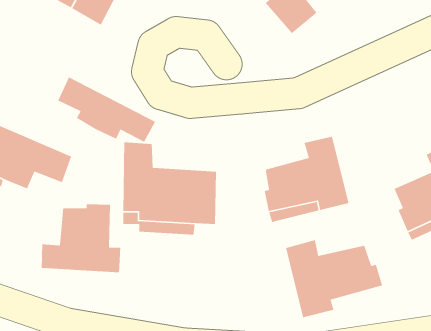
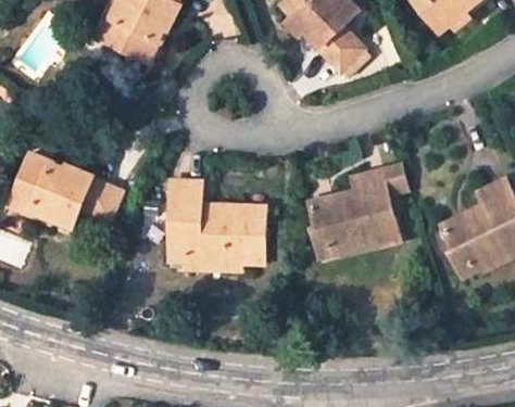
building: [57,76,156,143] -> none
building: [41,204,121,273] -> none
building: [285,239,383,318] -> none

